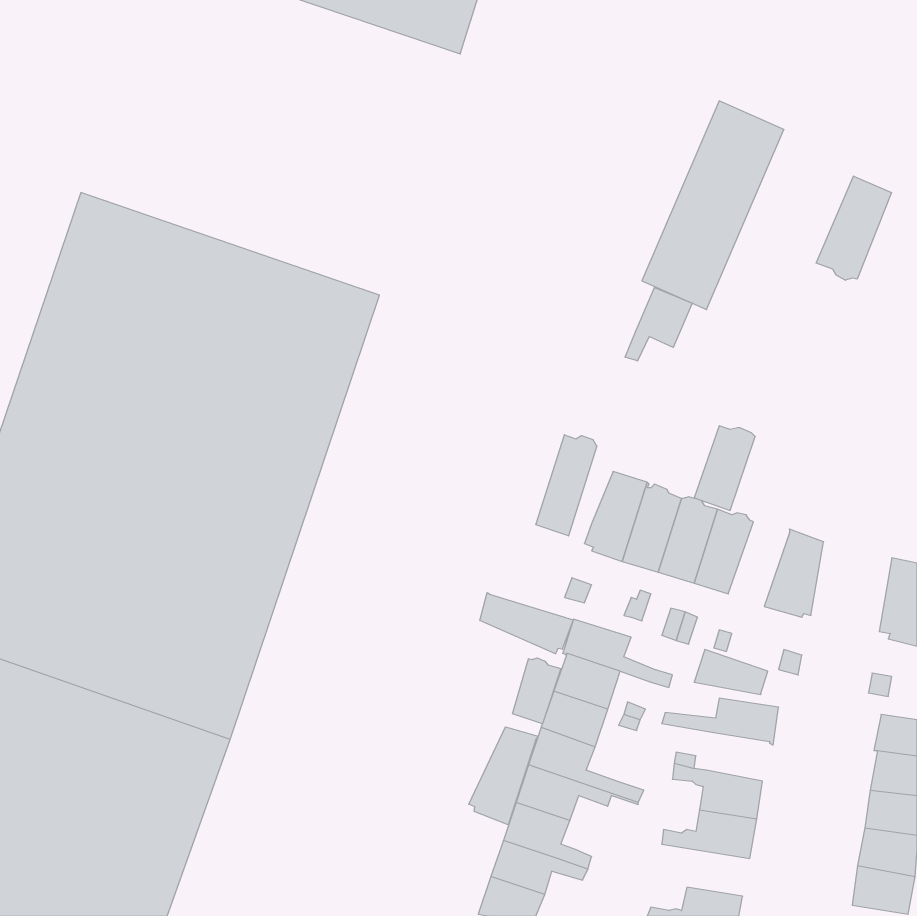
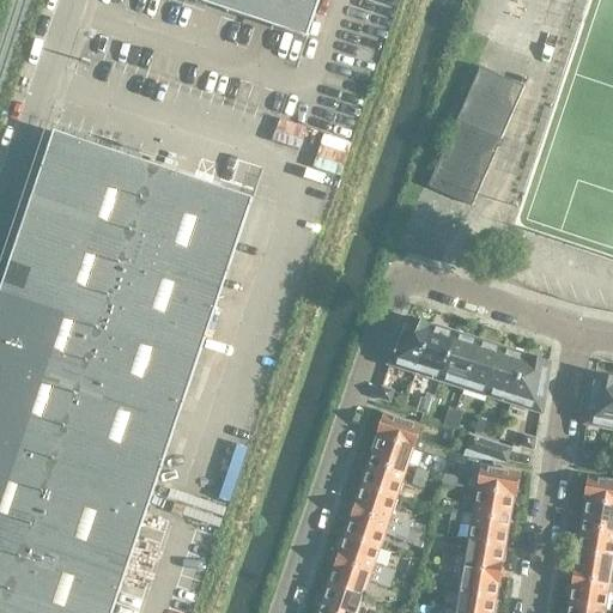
building: [816,176,891,280] -> none
building: [625,287,692,361] -> none
building: [694,426,755,510] -> [485,347,526,403]
building: [536,435,597,536] -> none
building: [480,593,573,654] -> none
building: [512,658,561,724] -> none
building: [469,727,538,825] -> none
building: none -> [471,487,512,520]
building: none -> [439,562,499,596]

